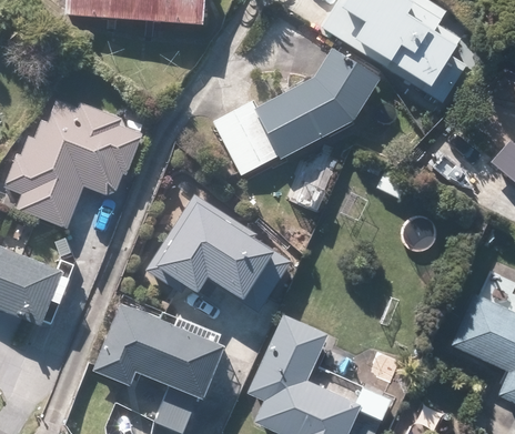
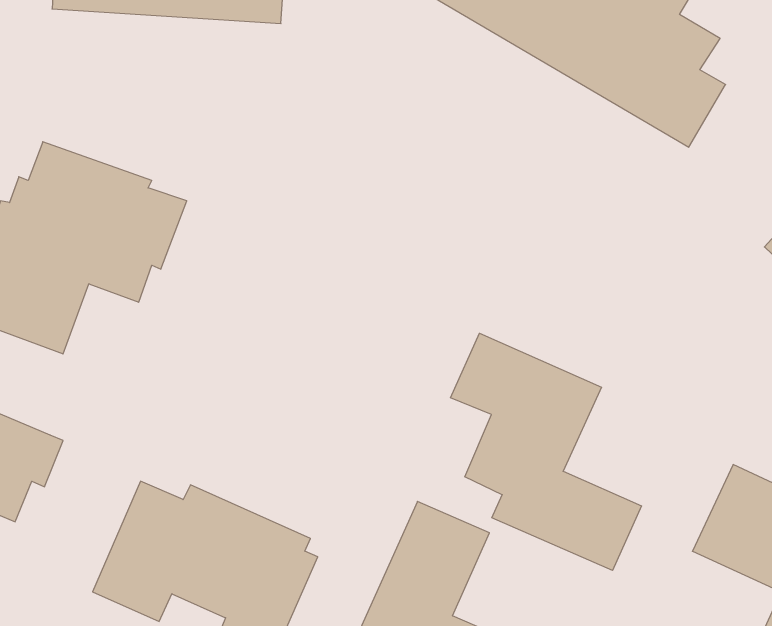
building: [219,54,376,170] -> none
building: [147,192,290,313] -> none
building: none -> [450,333,642,570]

